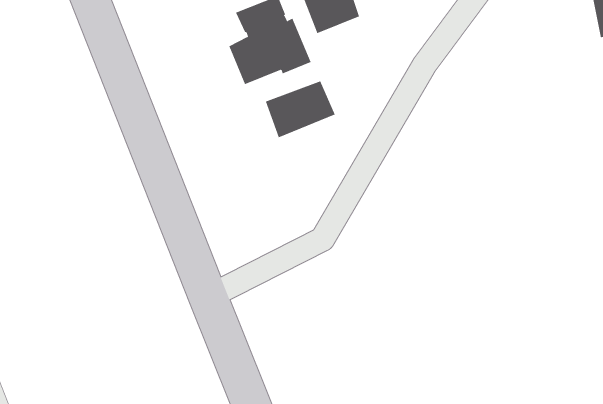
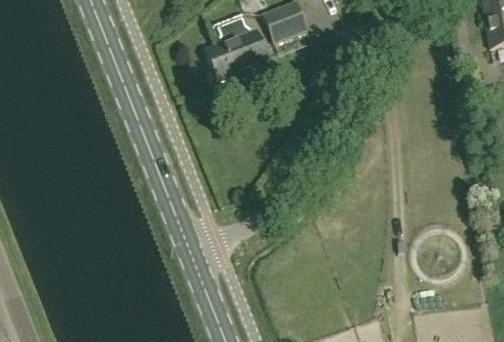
building: [265,81,335,138] -> none

